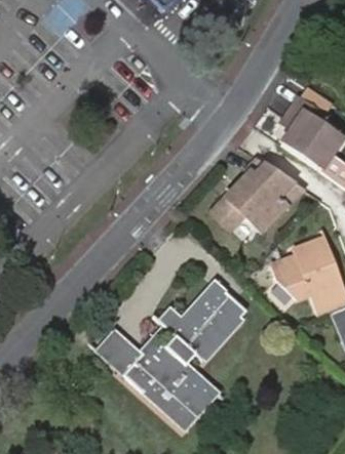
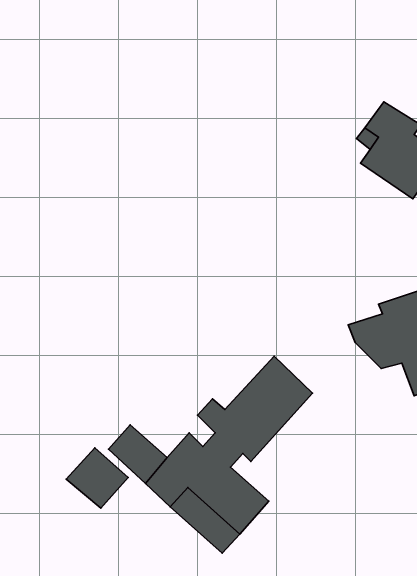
building: [215,160,308,231] -> none
building: none -> [66,448,128,508]

